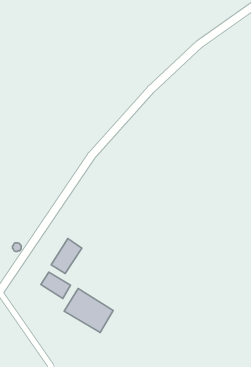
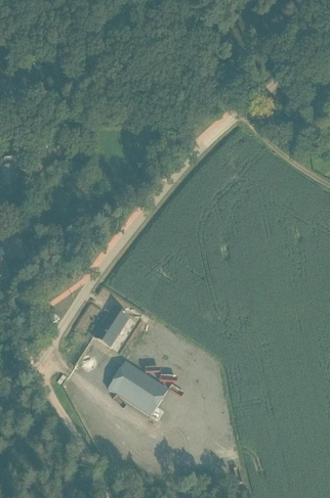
building: [41,272,71,299] -> none

